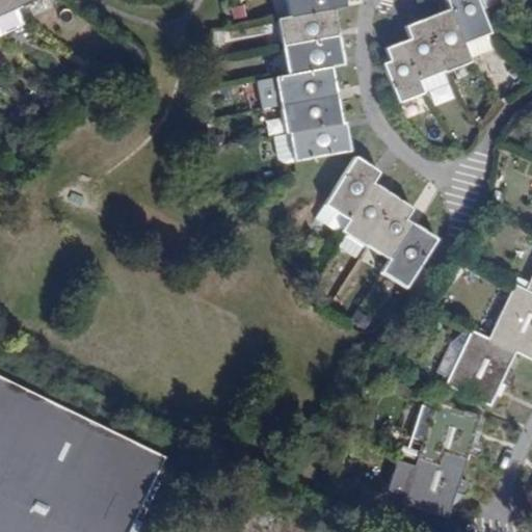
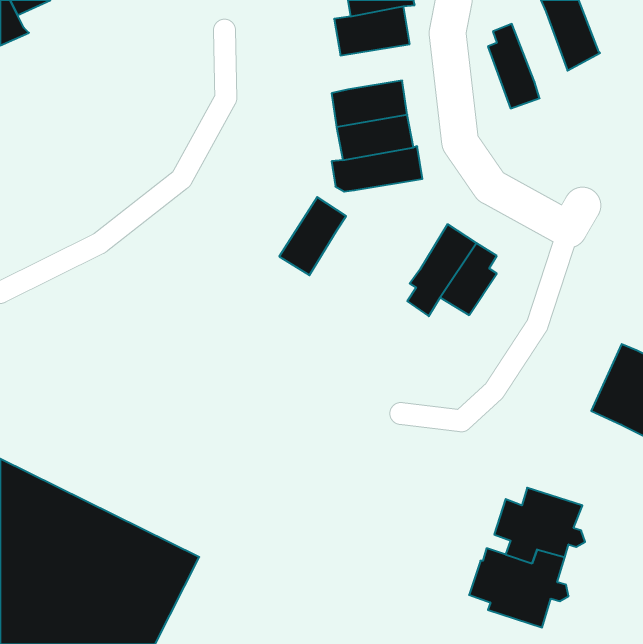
building: [423,9,469,68] -> none
building: [282,36,344,74] -> none
building: [381,38,422,99] -> none
building: [322,158,377,222] -> [279,197,346,275]
building: [379,225,436,289] -> none
building: [436,330,514,405] -> none

